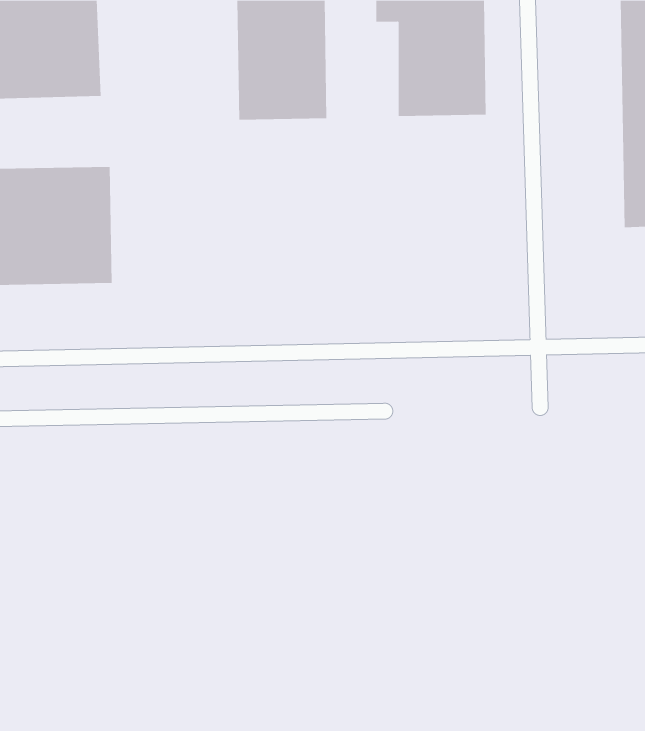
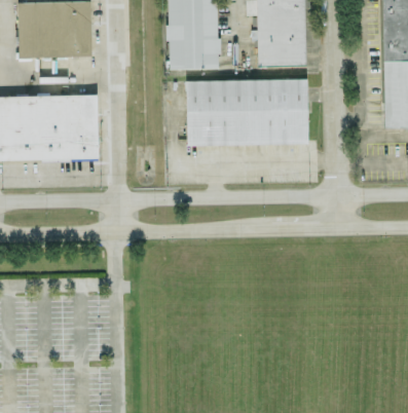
building: none -> [184,80,308,145]

